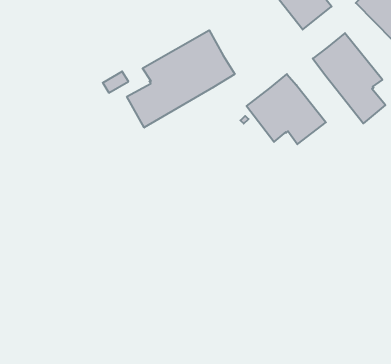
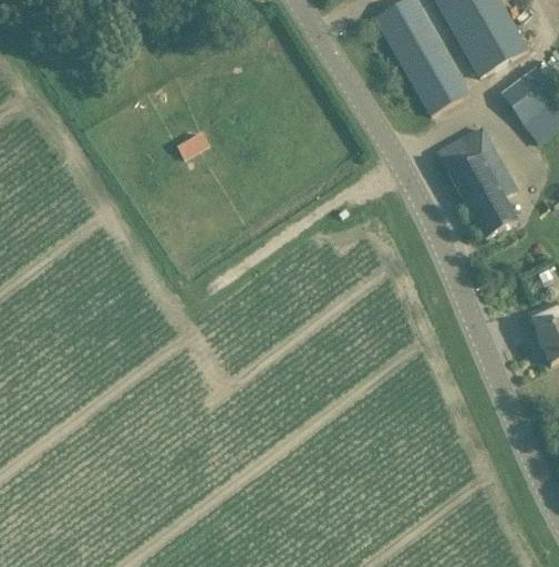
building: [127,30,235,128] -> none
building: [247,74,326,144] -> none

